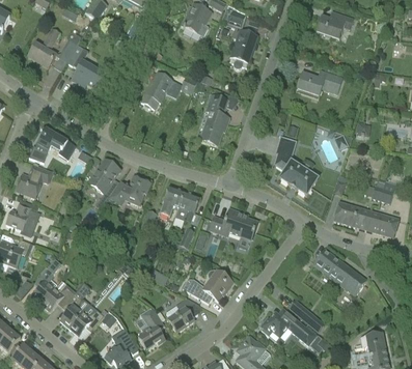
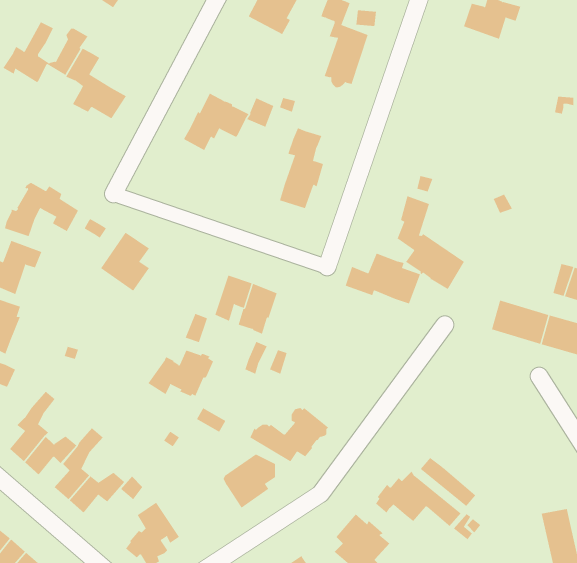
building: [296,70,342,95] -> none
building: [109,175,150,204] -> [148,350,214,396]
building: [210,207,257,239] -> [345,253,421,304]
building: [312,248,366,294] -> none
building: [137,307,165,348] -> none

